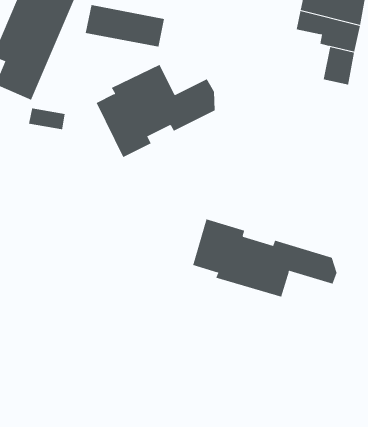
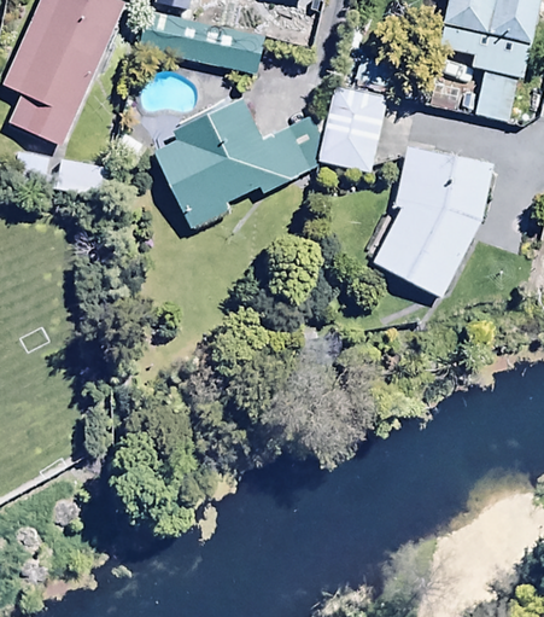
building: none -> [323,82,390,173]
building: none -> [374,147,492,295]
building: [192,219,337,297] -> none

